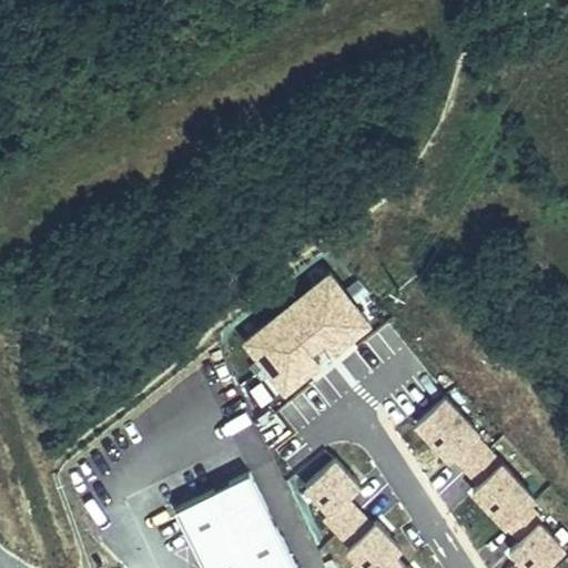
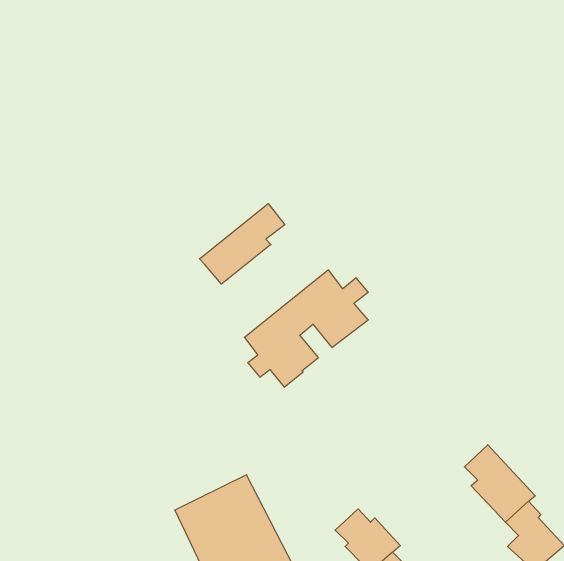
building: none -> [199,204,285,284]
building: [416,398,489,473] -> none
building: [304,462,361,536] -> none

